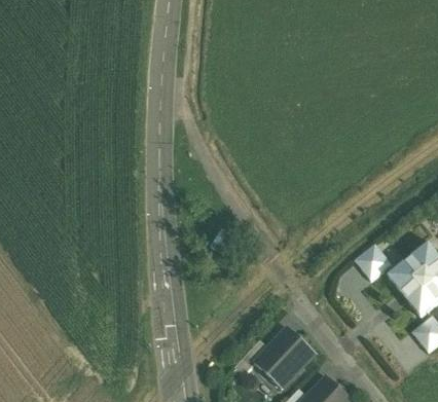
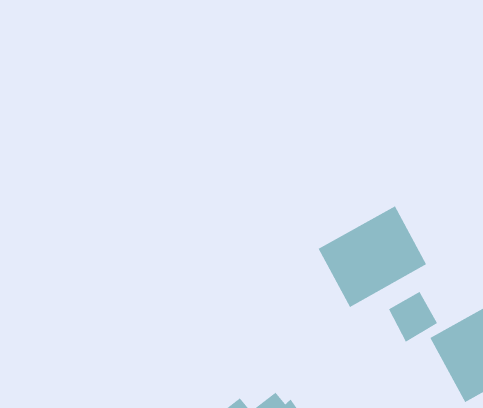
building: none -> [318,205,427,308]

